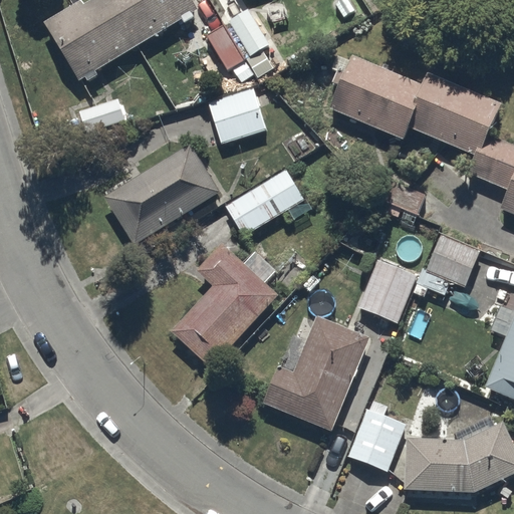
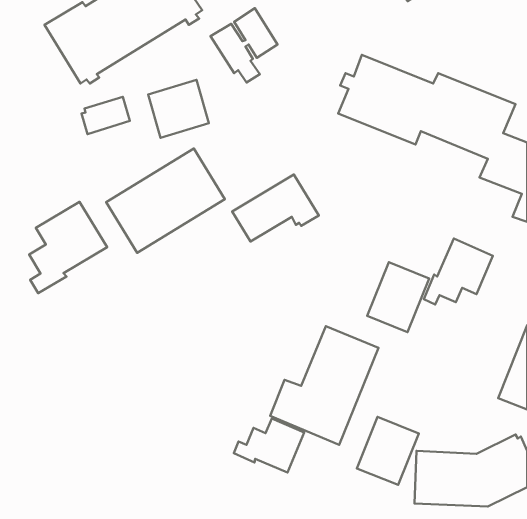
building: [208,86,267,143] -> [148,80,209,138]
building: none -> [29,202,107,293]
building: [170,243,279,370] -> none
building: none -> [234,419,304,473]

